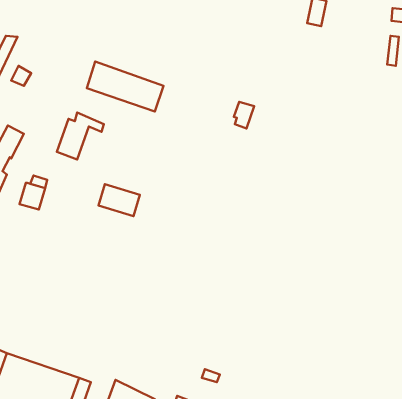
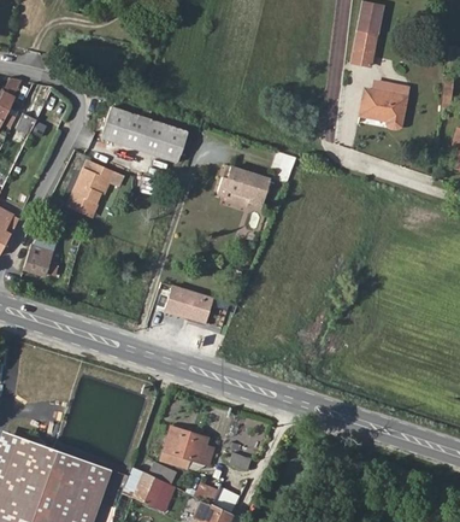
building: none -> [360,84,405,127]
building: none -> [212,166,265,206]
building: [98,184,140,216] -> [166,287,213,323]
building: none -> [169,429,217,464]

